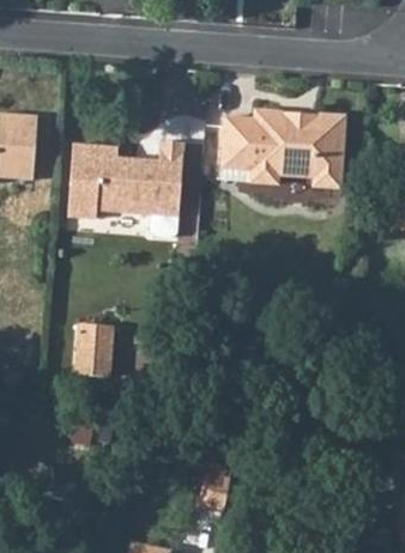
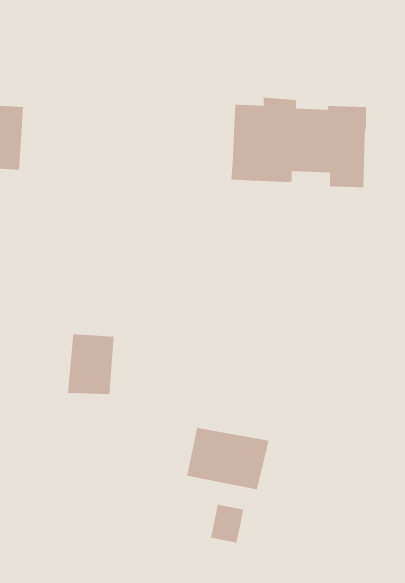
building: [68,142,181,219] -> none
building: none -> [187,427,269,490]

